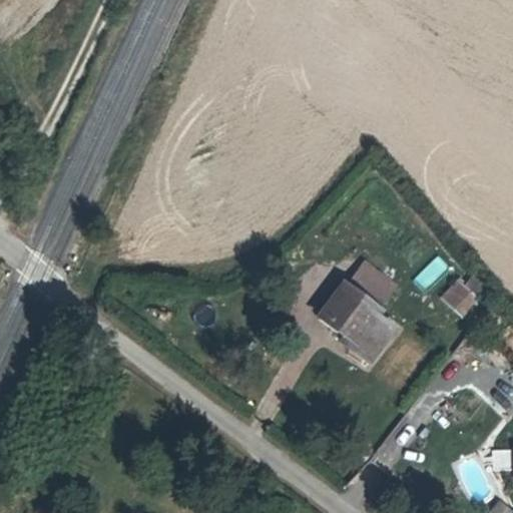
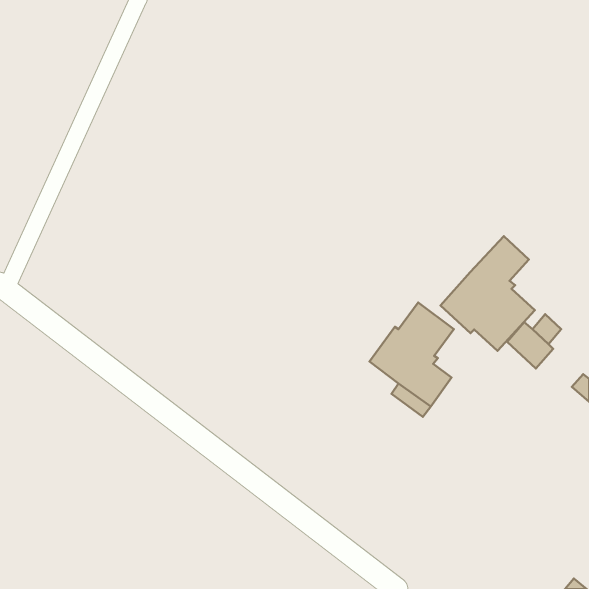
building: none -> [440,236,535,351]

